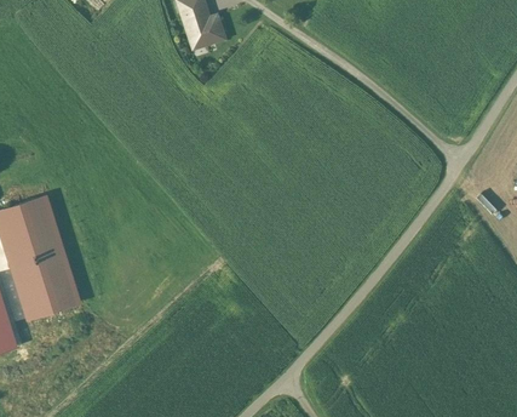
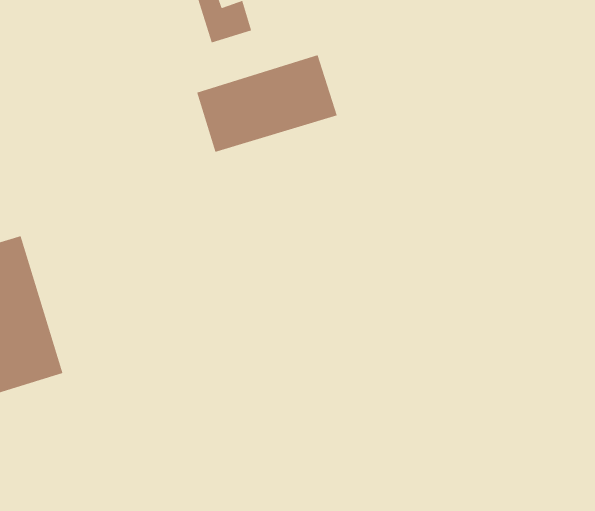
building: none -> [196,54,338,153]

